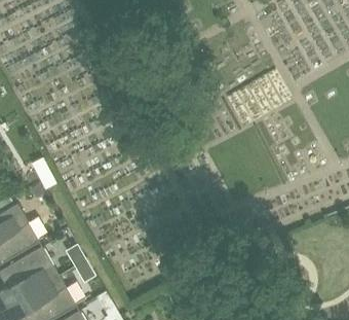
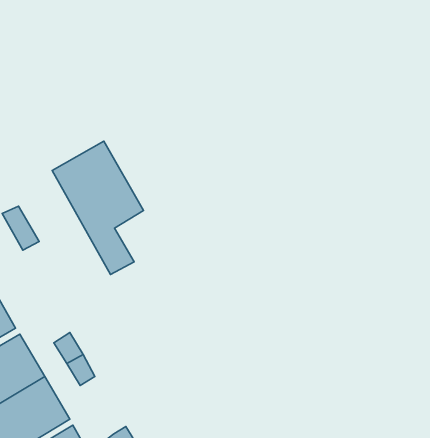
building: none -> [52,141,143,275]

